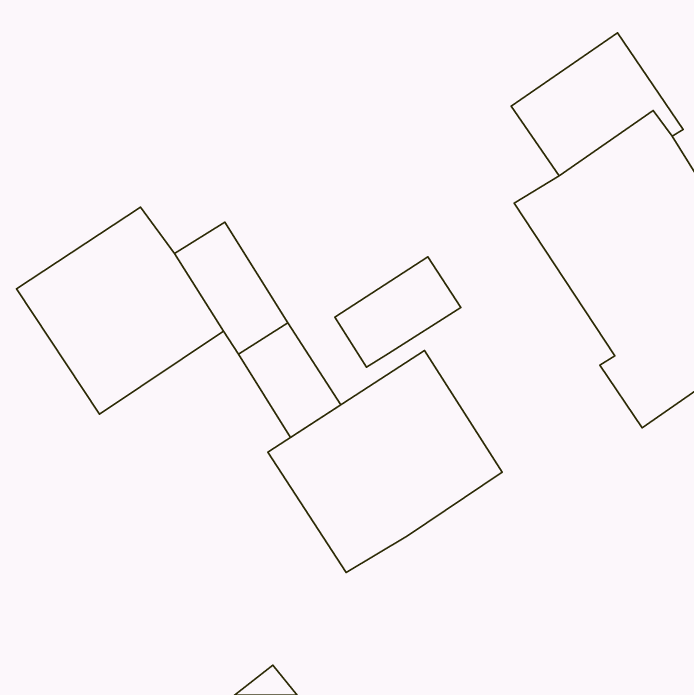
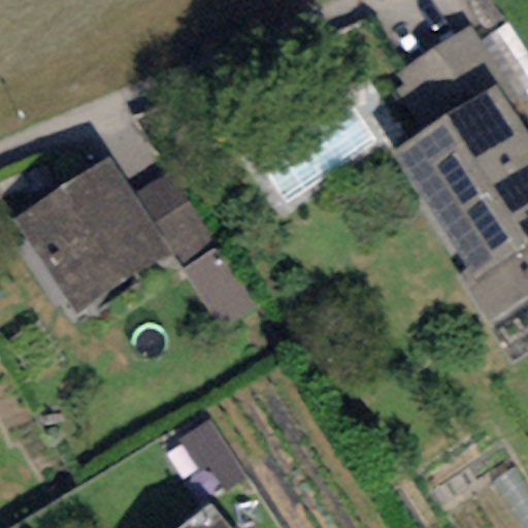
building: [335,257,461,367] -> none
building: [268,351,502,572] -> none

